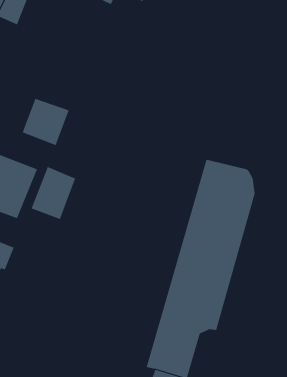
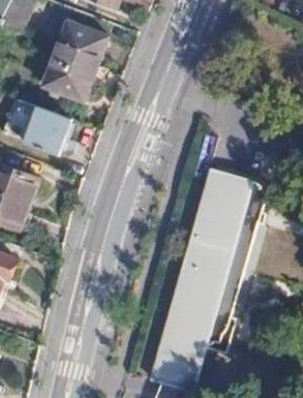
building: none -> [43,22,107,100]
building: [31,166,76,220] -> none

